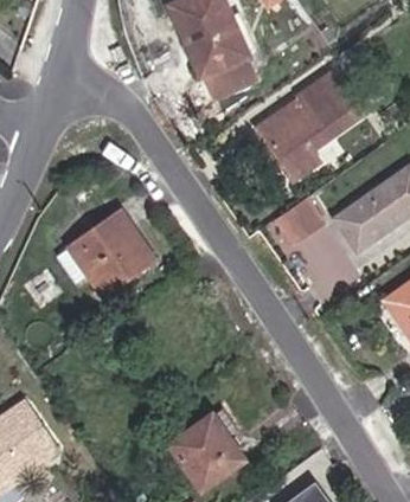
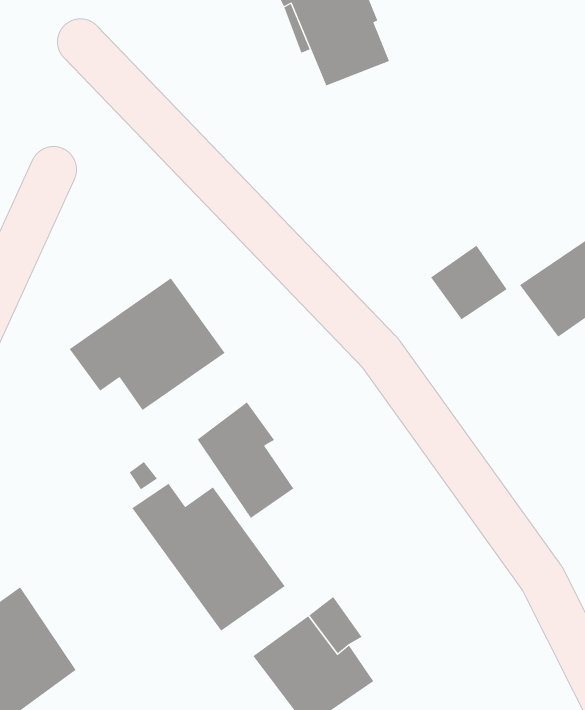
building: [257,86,357,176] -> none
building: none -> [197,402,294,519]
building: none -> [132,483,286,631]

